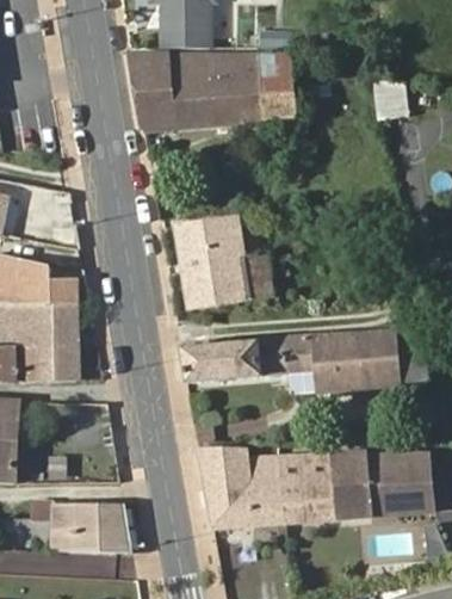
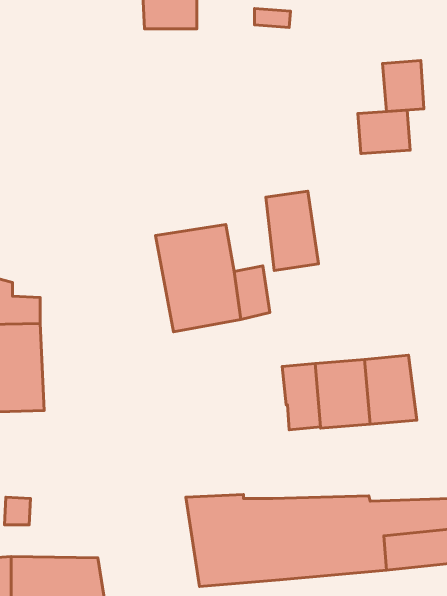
building: [131,51,293,130] -> none
building: none -> [358,110,410,154]
building: none -> [266,191,319,270]
building: [182,339,287,382] -> none

